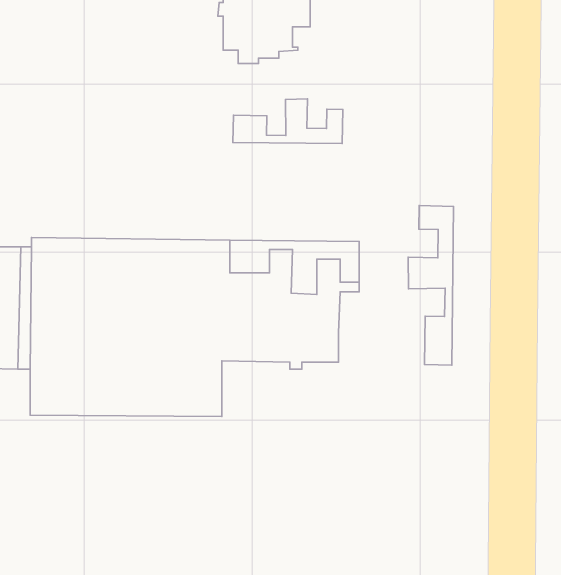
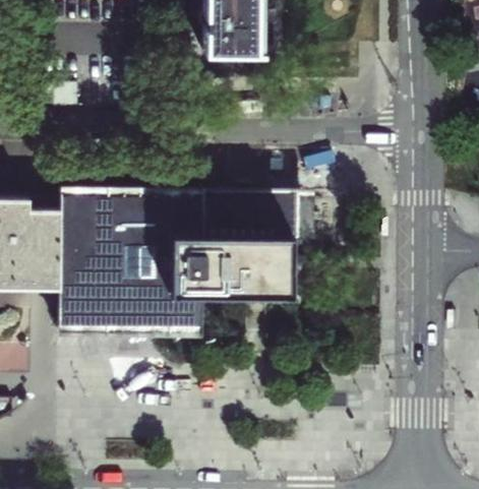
building: [233,99,343,144] -> none
building: [408,206,453,365] -> none

